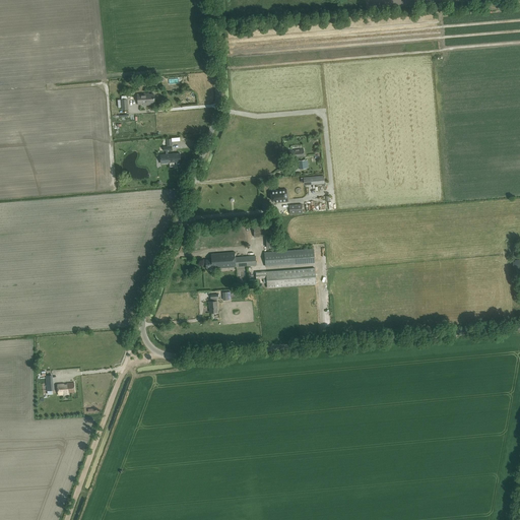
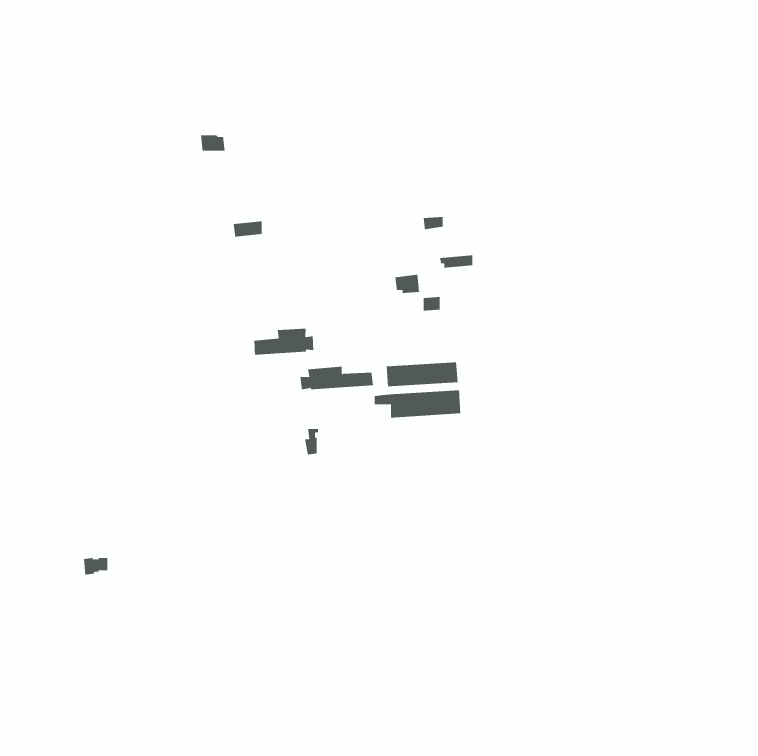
building: none -> [254,328,314,356]

